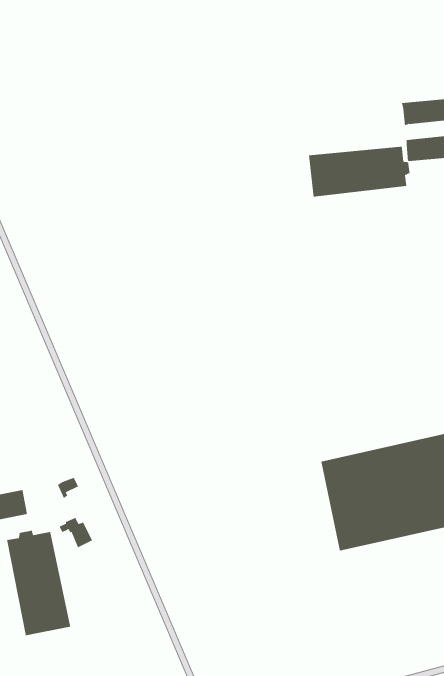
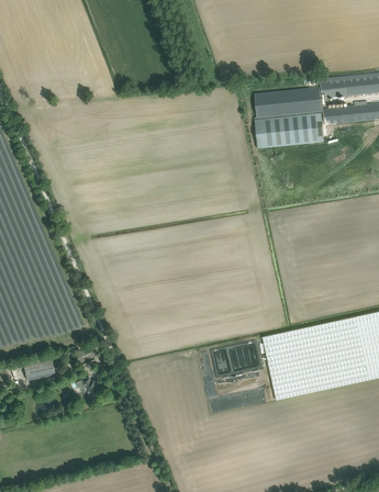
building: none -> [254,87,326,119]
building: [7,530,71,636] -> none

